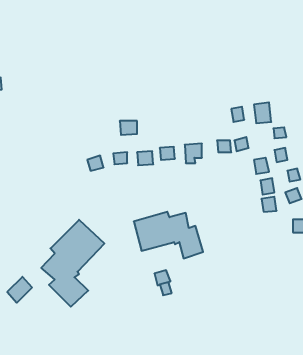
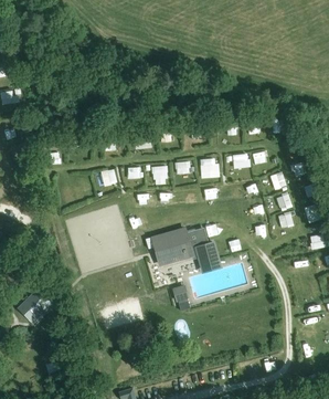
building: [41,220,104,307] -> none

